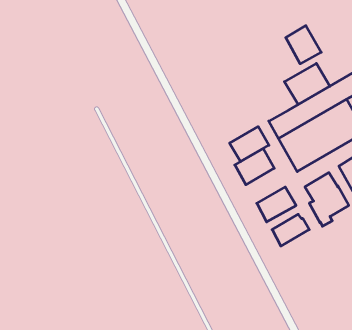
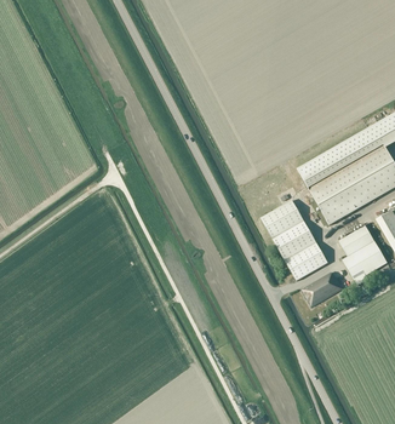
building: [286,26,321,64] -> none
building: [284,63,330,104] -> none
building: [230,127,269,162] -> [273,220,316,259]

